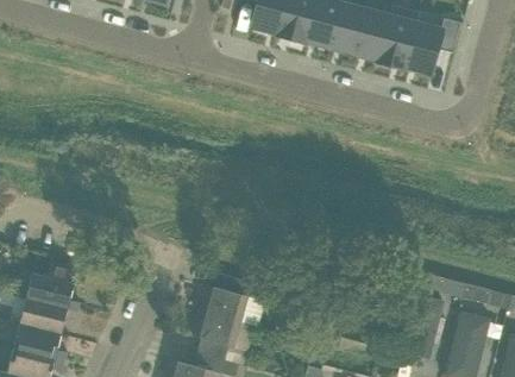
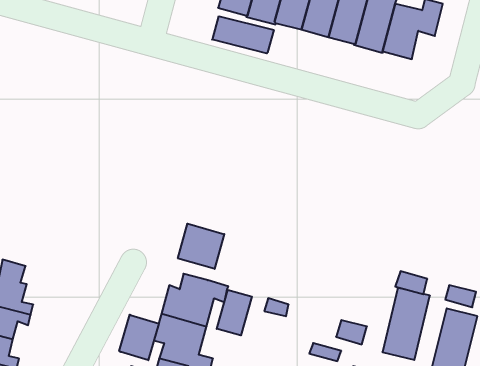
building: none -> [212,16,274,53]
building: none -> [178,224,224,269]
building: none -> [217,290,252,335]
building: none -> [119,315,159,360]

